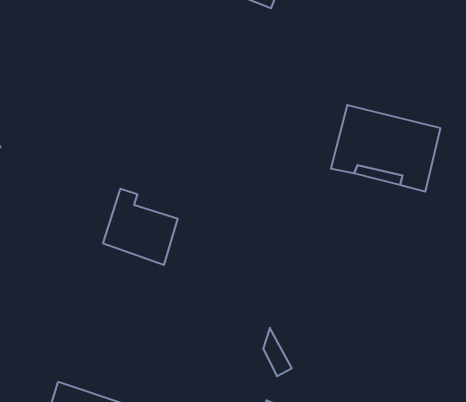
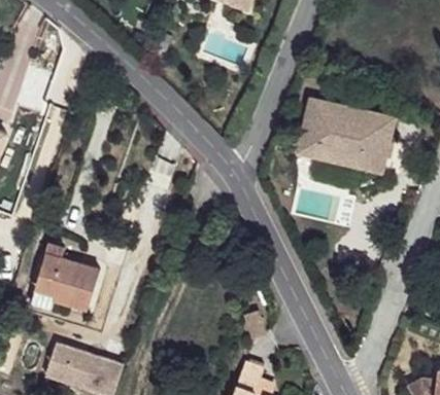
building: [103,189,178,265] -> [33,244,100,312]

